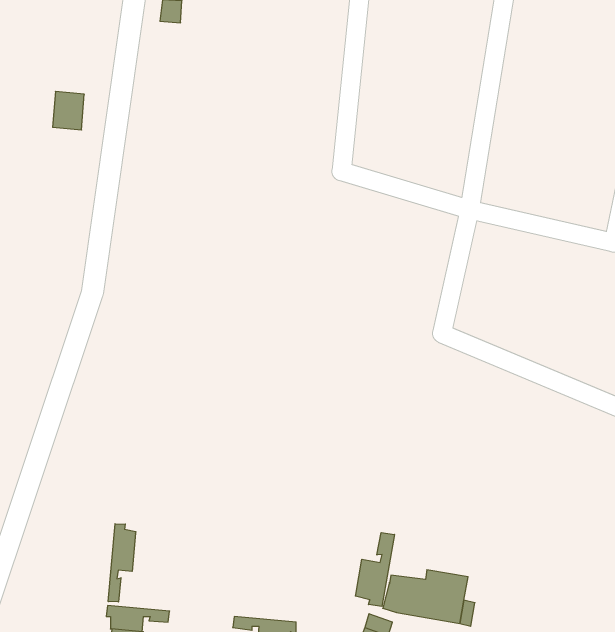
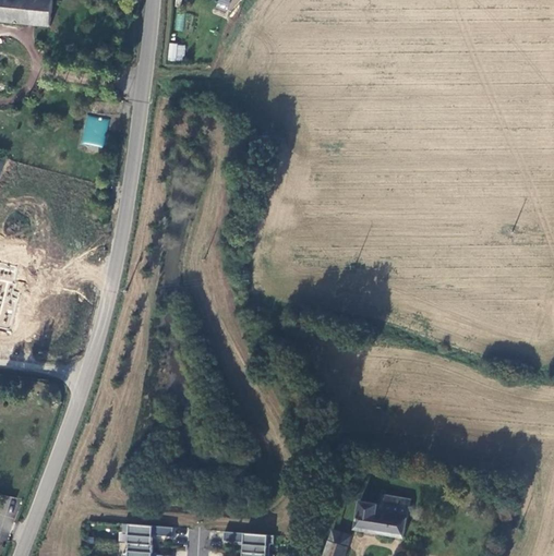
building: [108,524,136,602] -> none
building: [355,533,394,606] -> none

